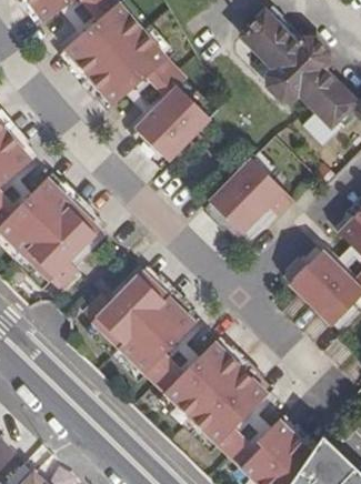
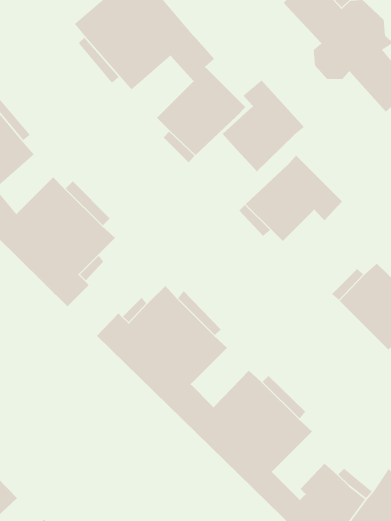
building: none -> [222,80,305,172]

